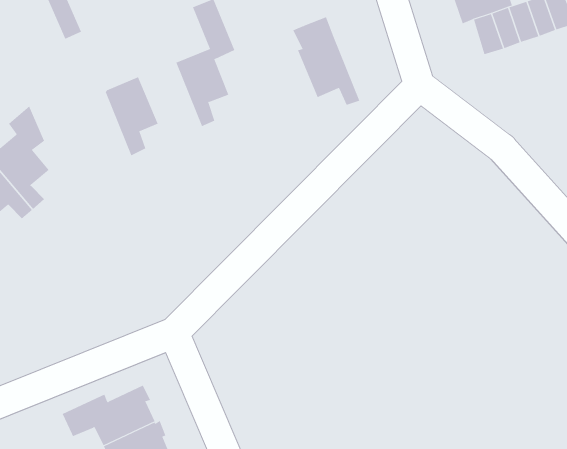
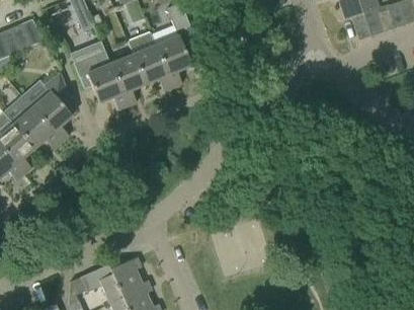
building: [293,16,360,105] -> [128,31,172,90]
building: none -> [73,49,126,109]

